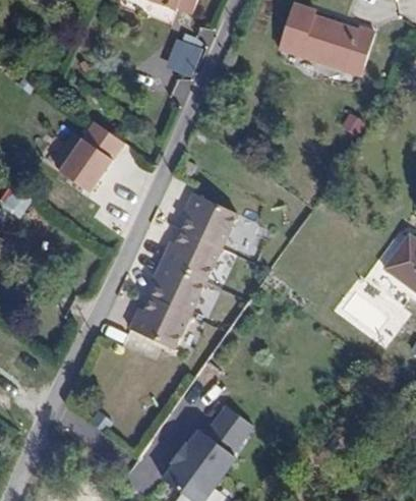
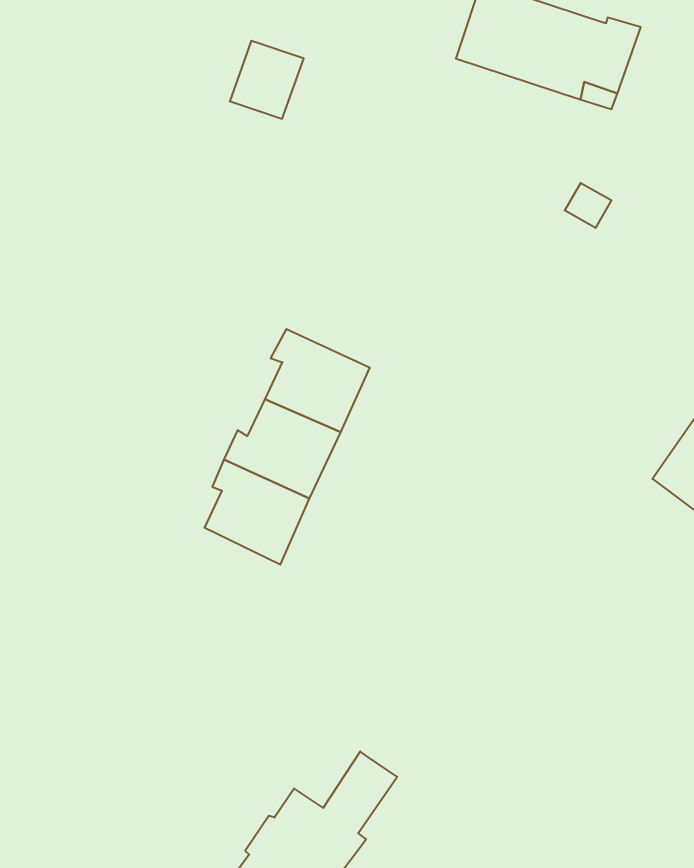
building: [55,122,124,197] -> none
building: [129,293,190,346] -> none

